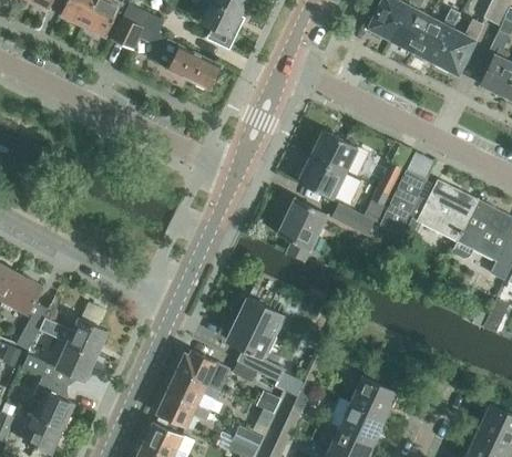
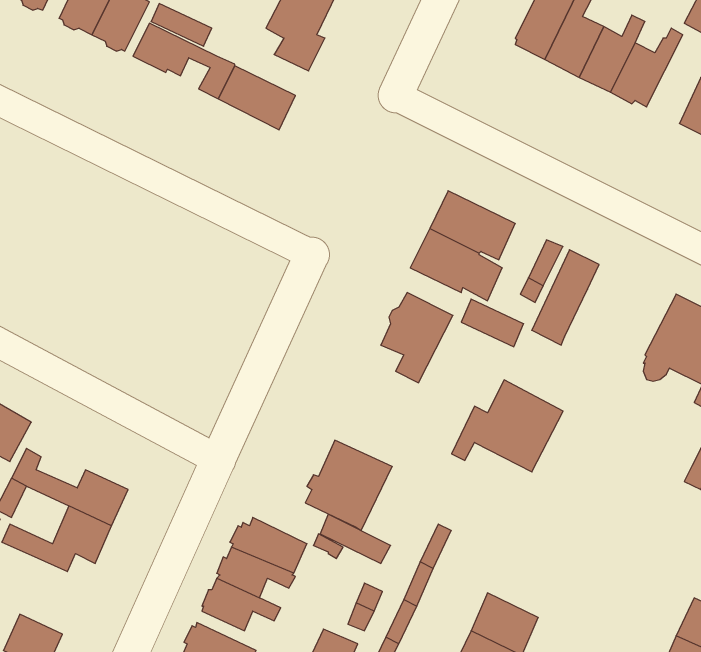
building: [402,179,478,241] -> [452,380,563,472]
building: [34,376,74,432] -> none
building: [350,376,397,418] -> none

